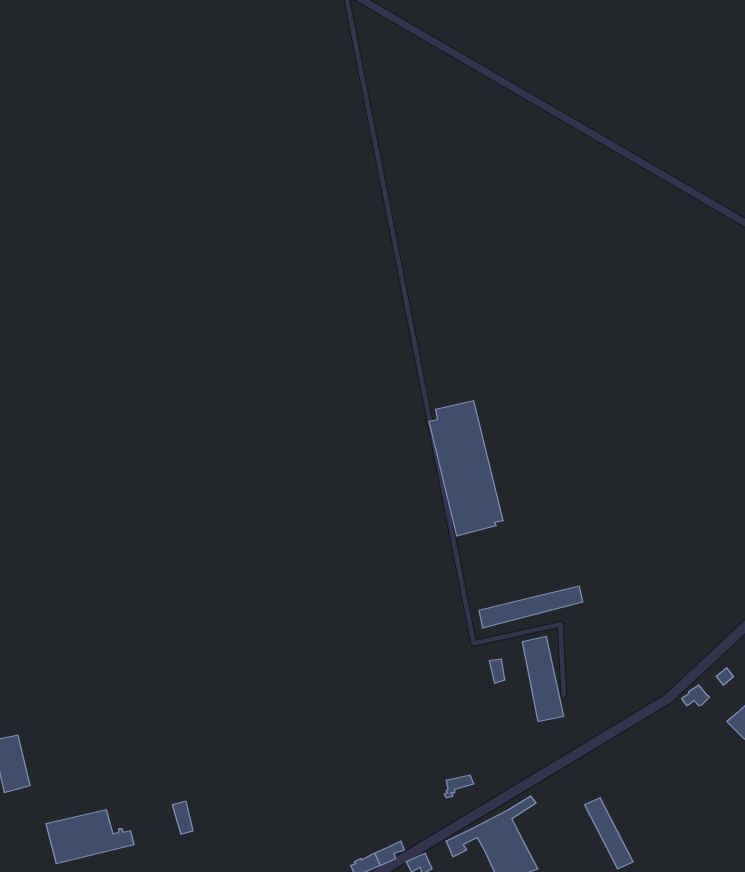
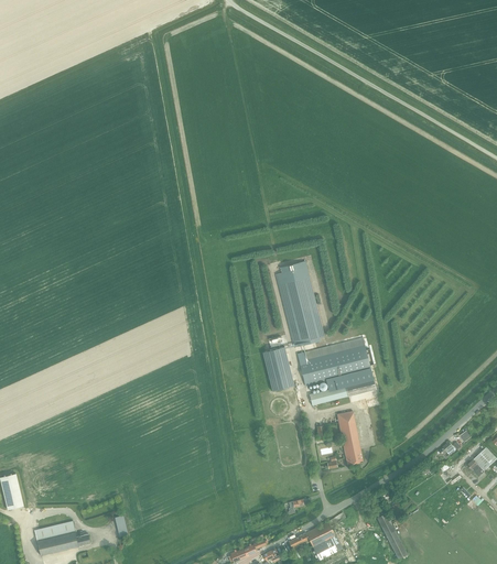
building: none -> [296,337,370,387]
building: none -> [262,347,293,391]

